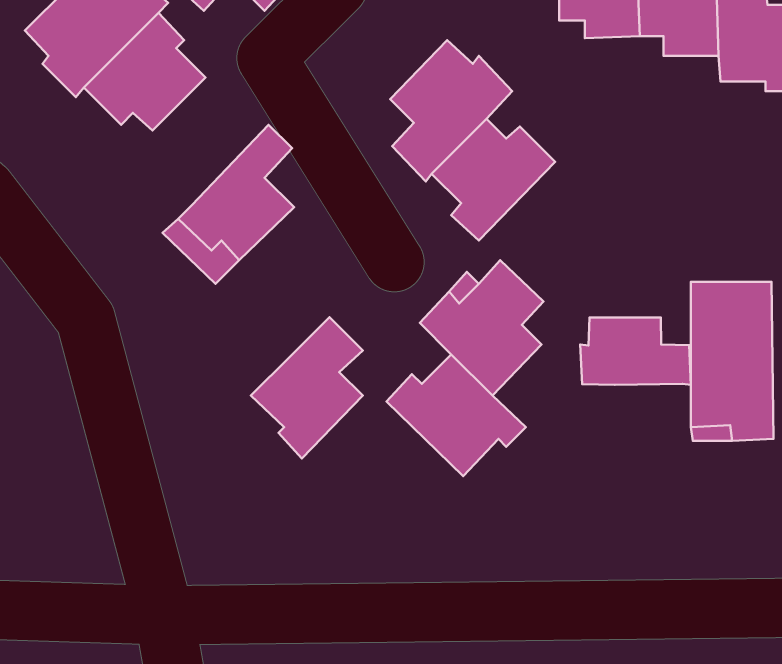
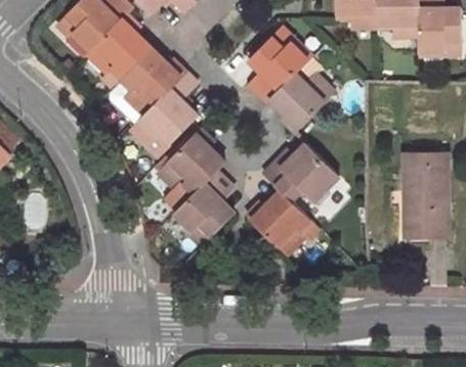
building: none -> [121,48,184,114]
building: none -> [159,128,225,193]
building: [580,317,691,385] -> none

